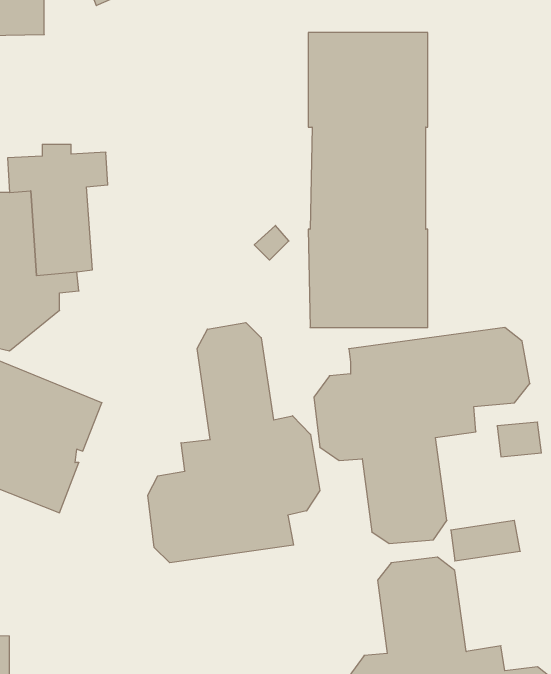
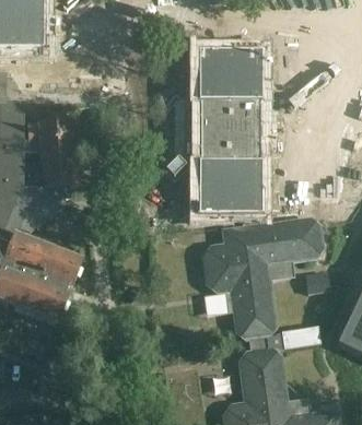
building: [148,323,320,563] -> none

